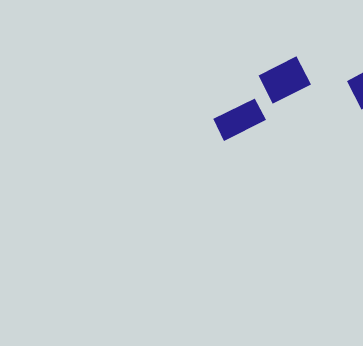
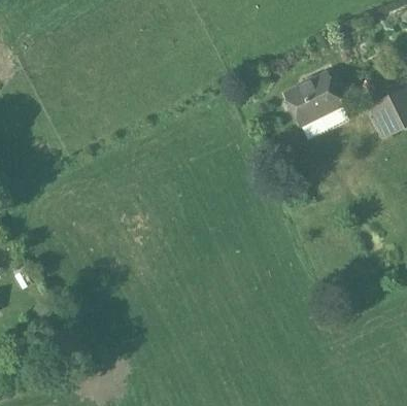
building: [212,97,267,142] -> none

